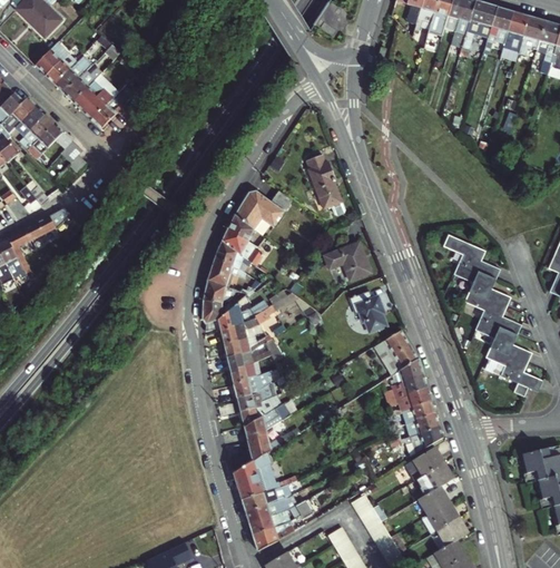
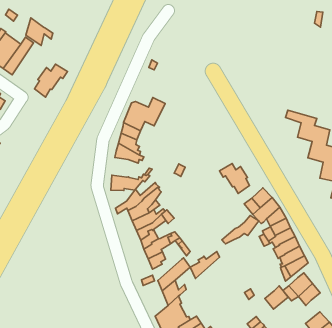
building: none -> [26,18,53,46]
building: none -> [35,64,67,97]
building: [305,156,344,214] -> none
building: [325,243,371,281] -> none
building: [208,258,247,286] -> none
building: [204,300,235,324] -> none
building: none -> [222,215,259,244]
building: [240,396,281,427] -> [190,251,219,278]
building: [417,486,448,515] -> [265,286,288,309]

